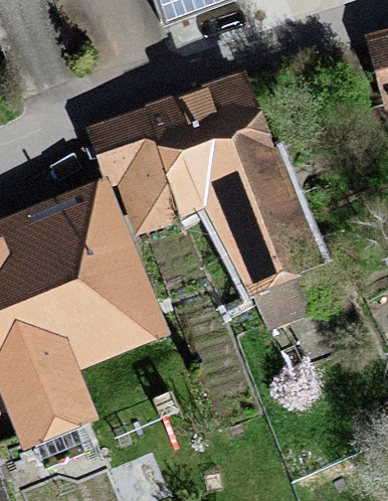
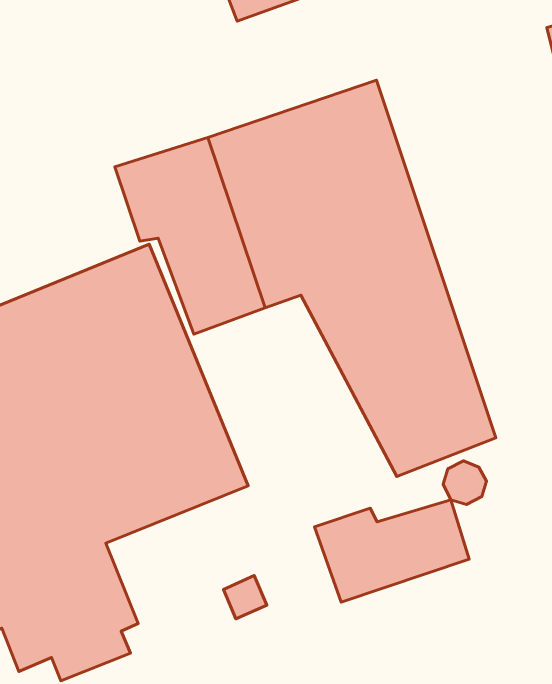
building: none -> [315,500,469,602]

